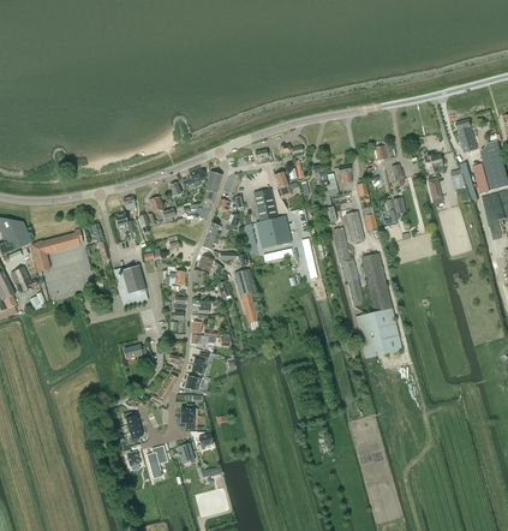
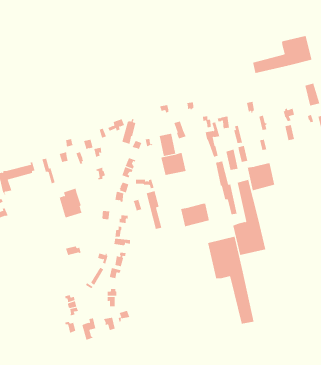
building: none -> [253,35,312,74]
building: none -> [247,162,275,191]
building: none -> [180,203,209,227]
building: none -> [207,236,254,324]

